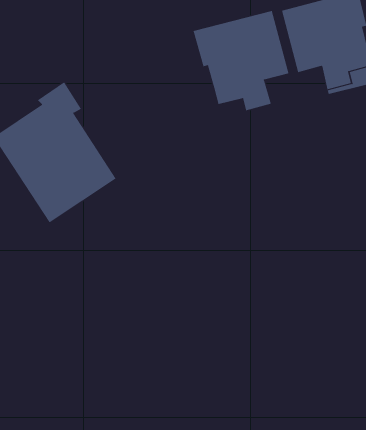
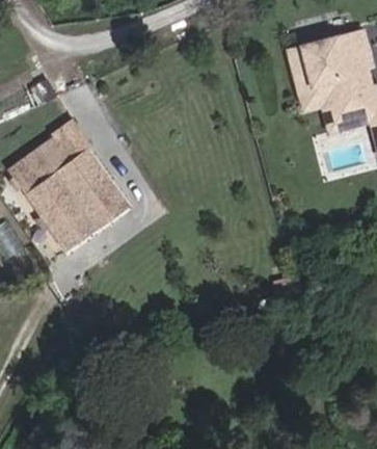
building: [193,10,289,111] -> none

